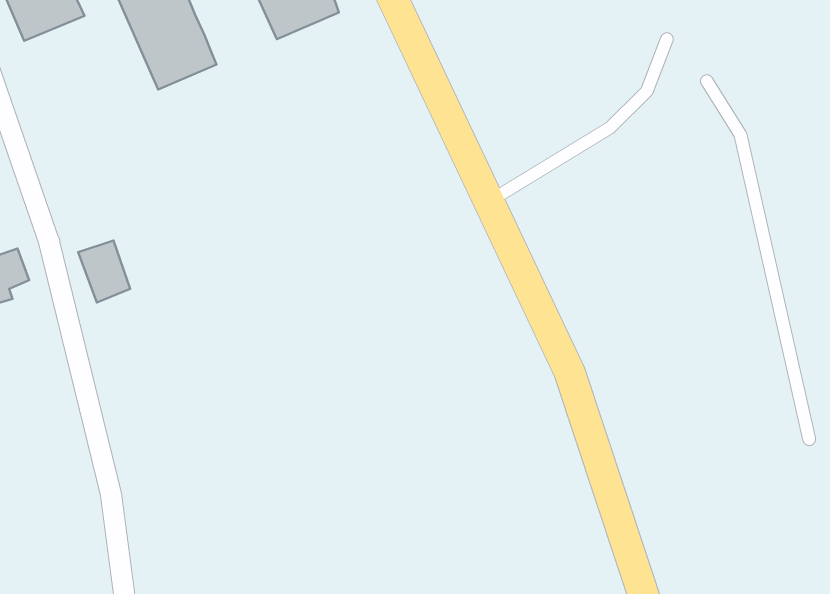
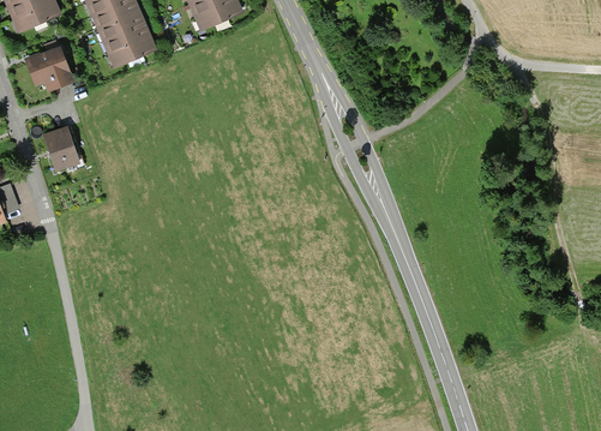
building: none -> [24,46,74,92]
building: [78,240,130,302] -> [44,121,82,166]

